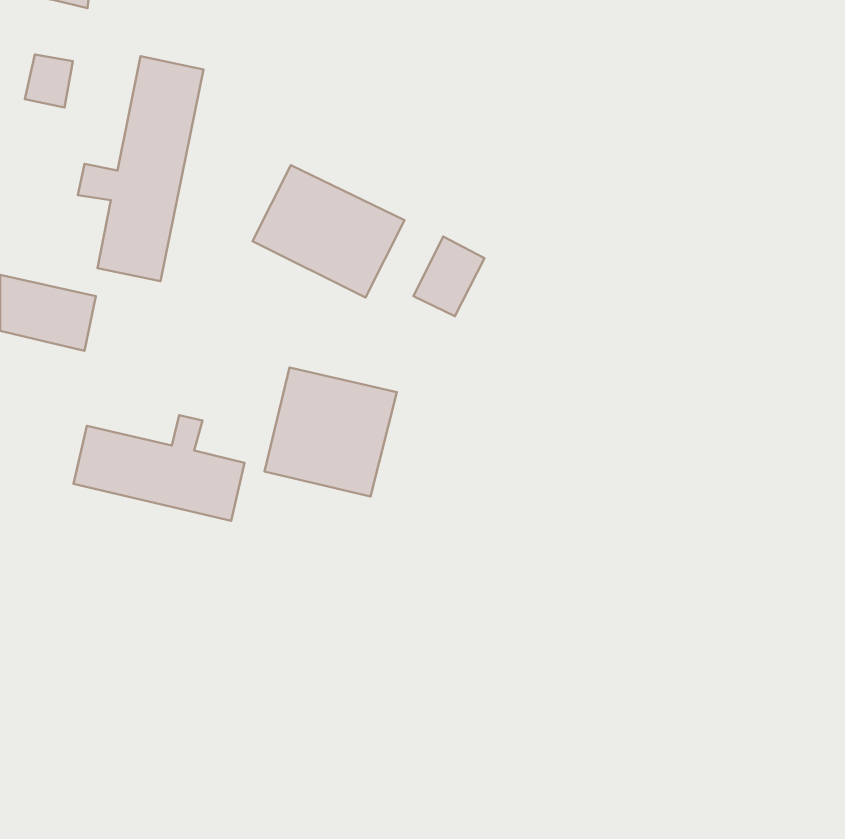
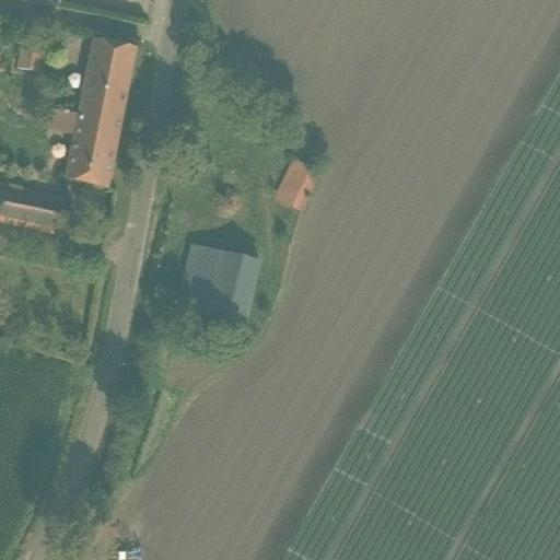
building: [253,165,404,297] -> none
building: [73,415,245,521] -> none

